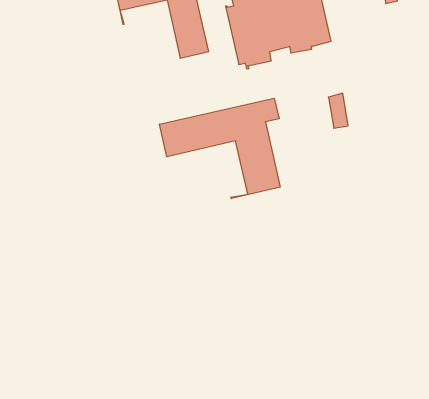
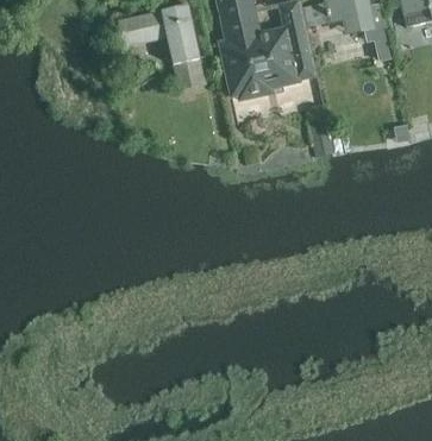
building: [160,98,280,199] -> none

